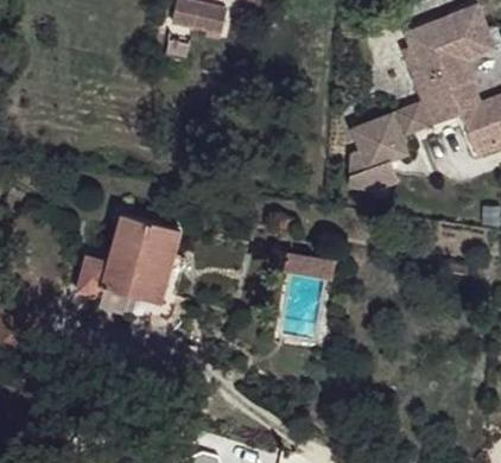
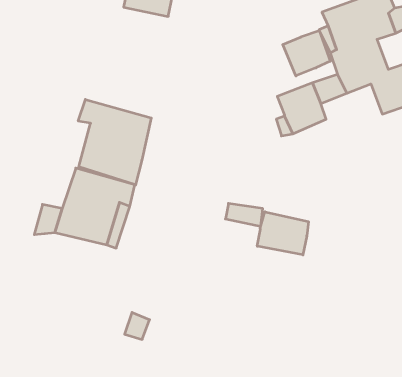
building: none -> [283,31,330,76]
building: none -> [78,99,151,185]
building: none -> [257,212,308,255]

